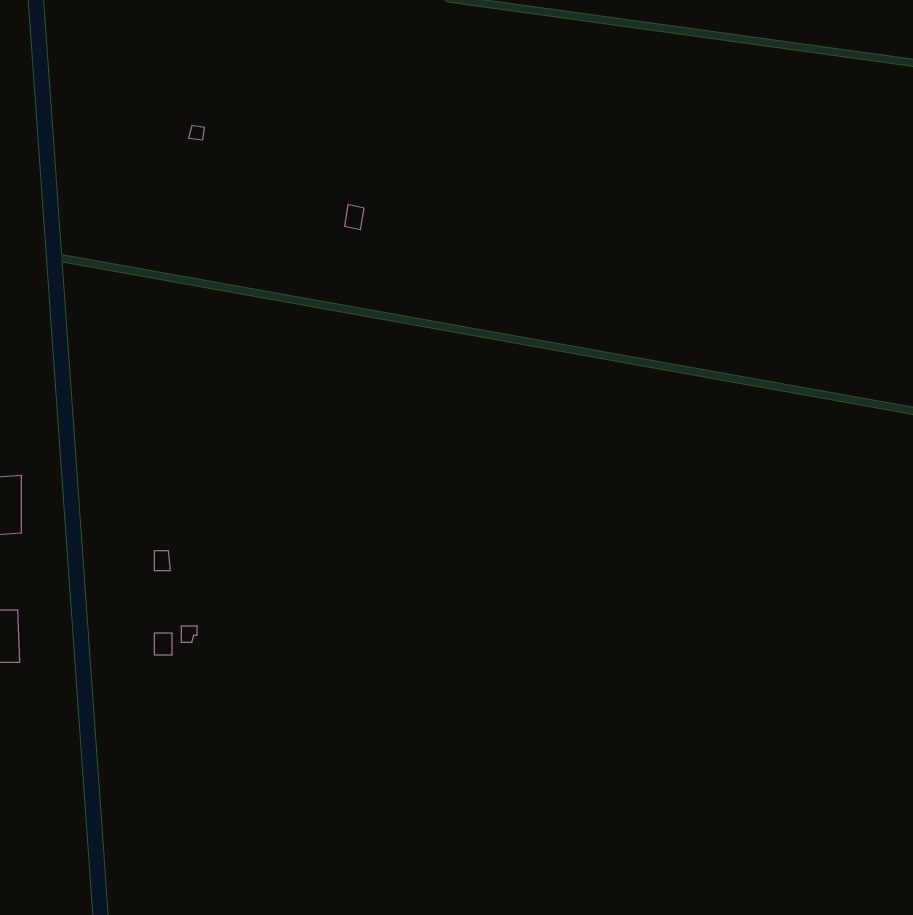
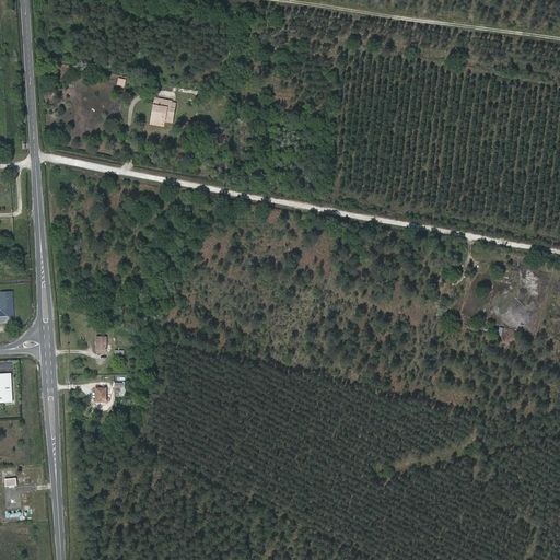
building: none -> [147,98,173,126]

